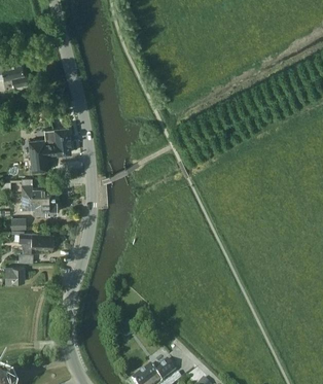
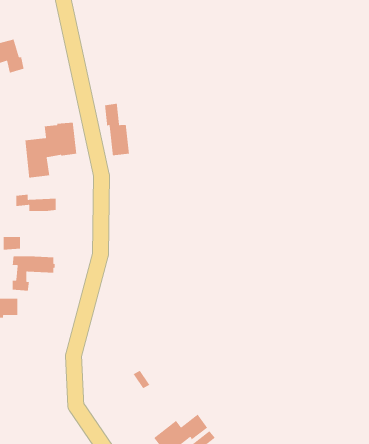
building: none -> [104,103,130,156]
building: [21,190,58,210] -> none

